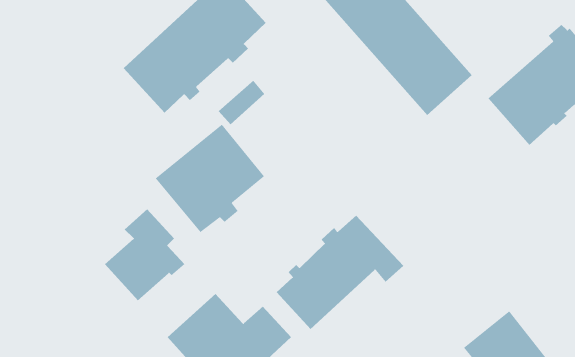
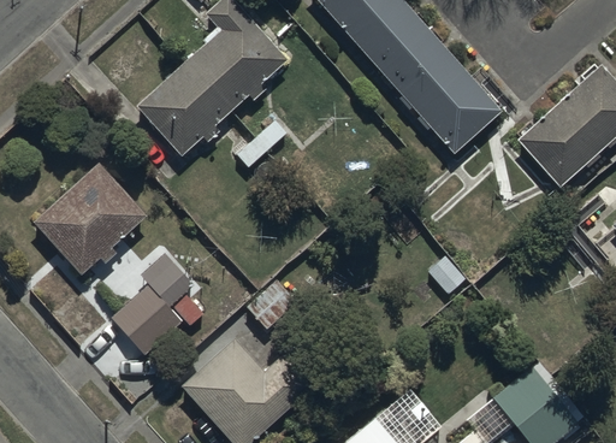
building: [155,124,265,233] -> [32,163,147,276]
building: [276,215,404,330] -> none

